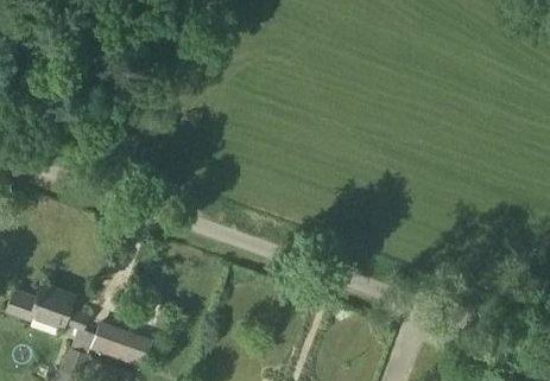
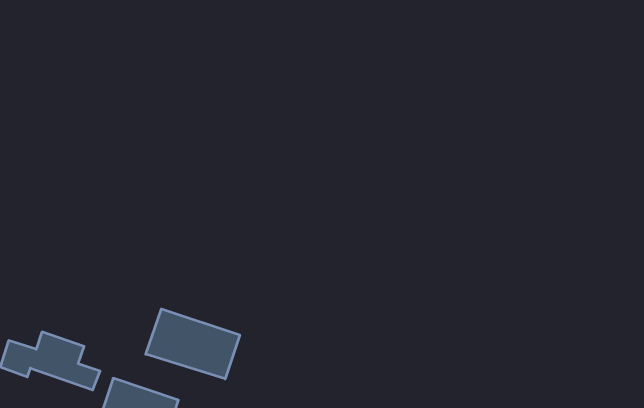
building: none -> [146,309,240,379]

